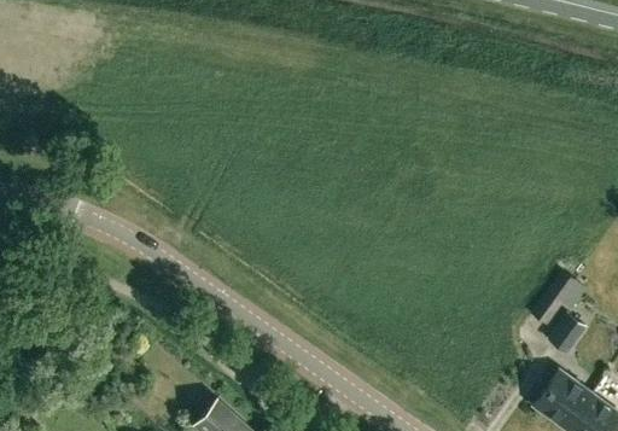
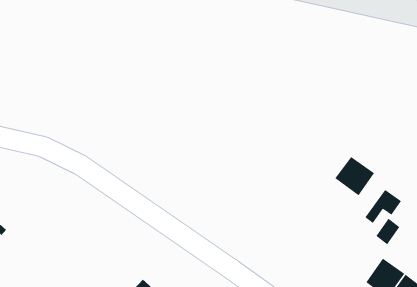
building: none -> [335,156,375,196]

